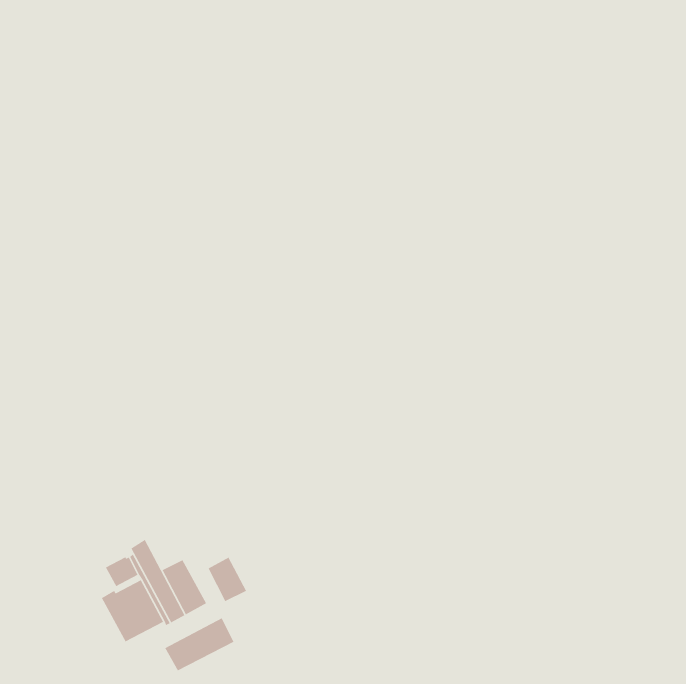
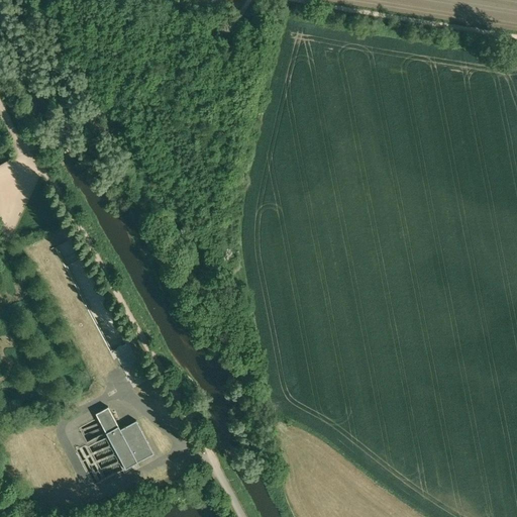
building: [208,556,247,602] -> none
building: [164,617,234,672] -> none

